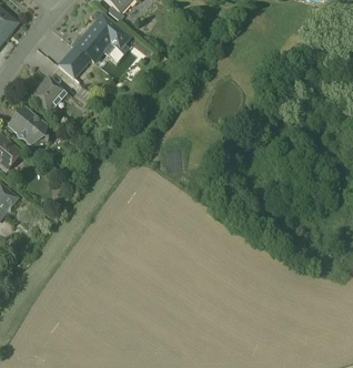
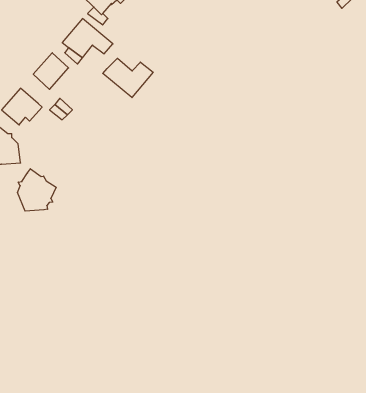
building: none -> [103,58,153,98]
building: none -> [18,169,56,211]

